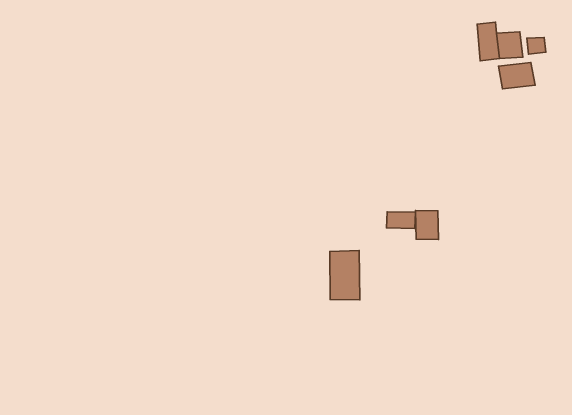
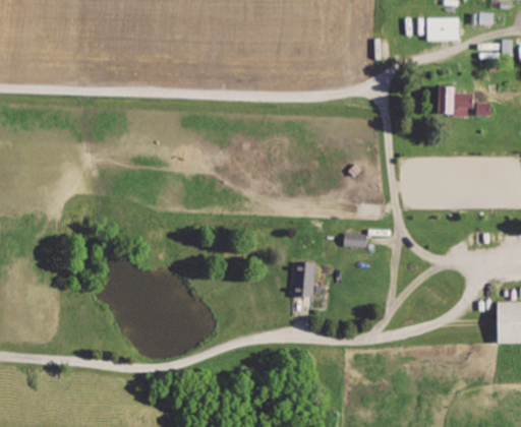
building: [498,62,535,89] -> none
building: [415,210,438,240] -> none

